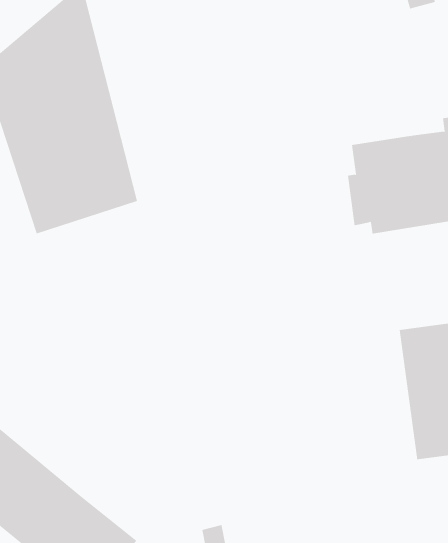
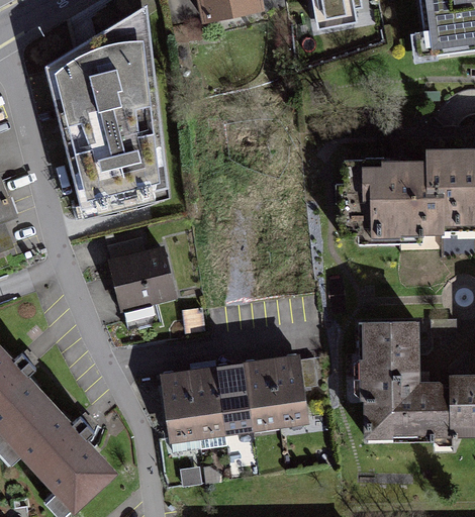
building: none -> [111,249,175,309]
building: none -> [164,359,308,443]

